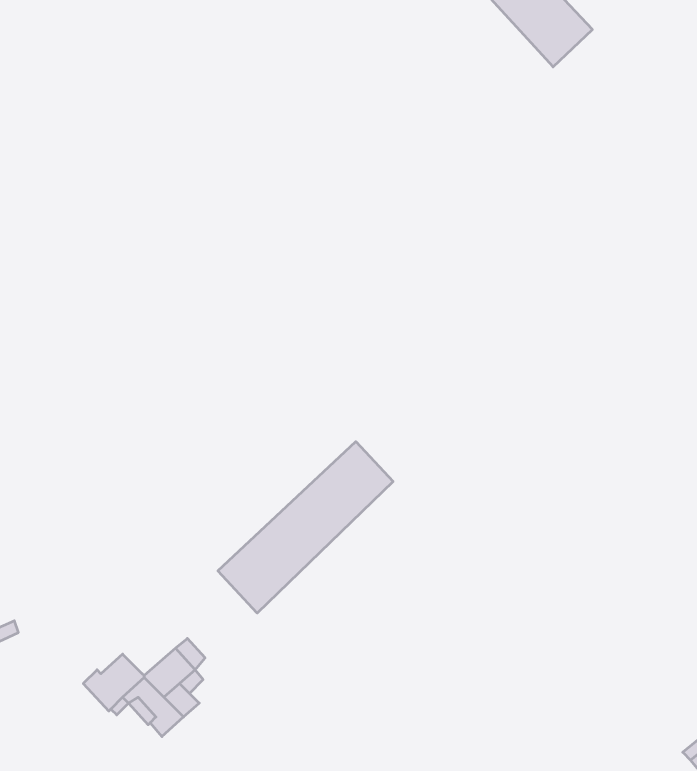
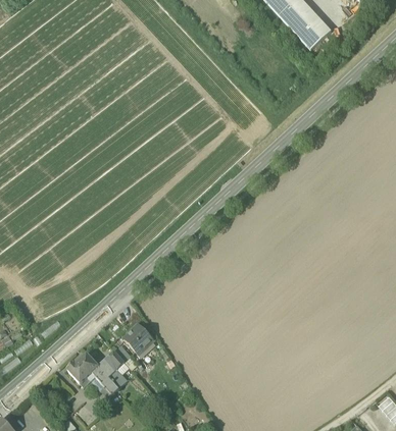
building: [218,442,393,613] -> none
building: none -> [123,322,153,352]

